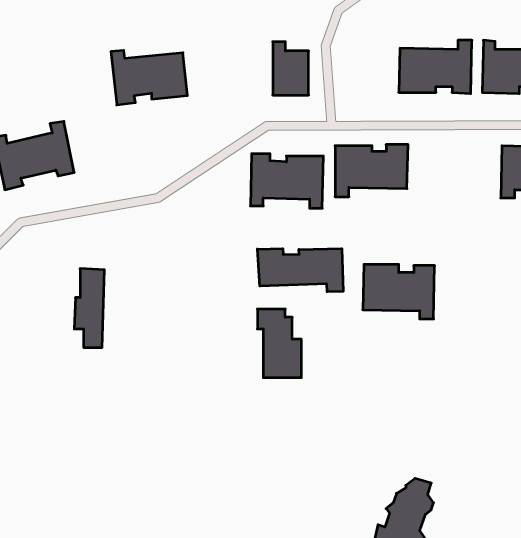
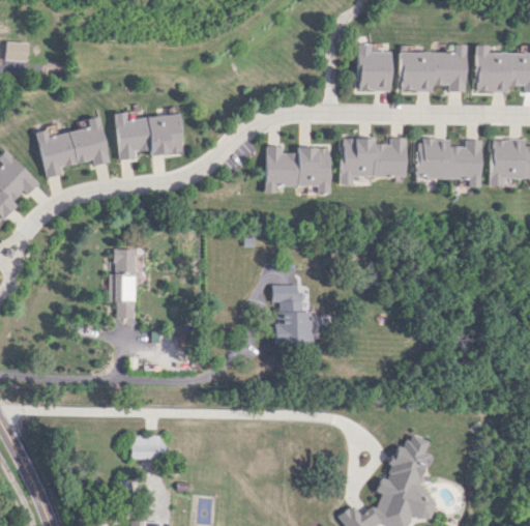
building: [273,42,309,95] -> [358,43,390,91]
building: [111,50,187,105] -> [114,112,182,160]
building: [257,249,343,292] -> none
building: [363,264,435,319] -> [417,139,481,187]
building: none -> [130,435,166,460]

